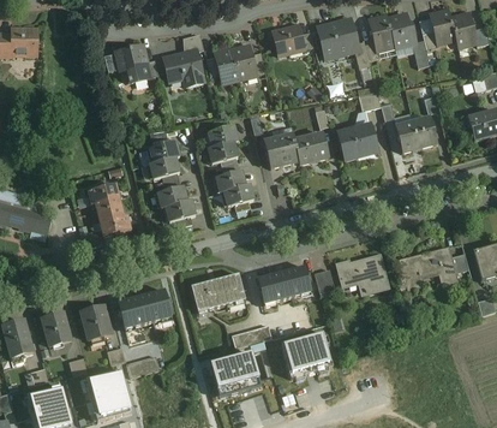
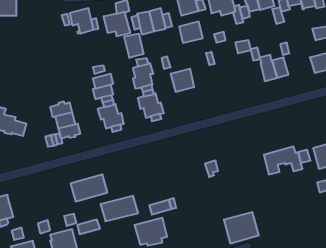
building: none -> [124,34,143,58]
building: [337,124,377,160] -> none
building: [293,132,328,164] -> [179,22,203,43]
building: [336,255,388,293] -> none
building: [256,264,311,303] -> none
building: [190,273,245,310] -> [100,196,138,221]
building: [80,305,110,339] -> none
building: [41,313,71,346] -> none
building: [281,332,333,378] -> [224,212,259,243]

